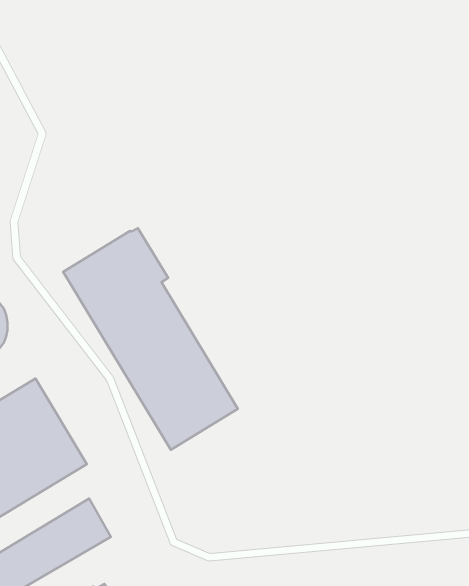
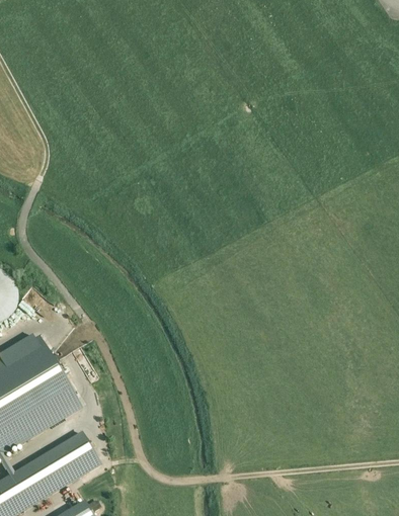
building: [63,228,238,450] -> none

